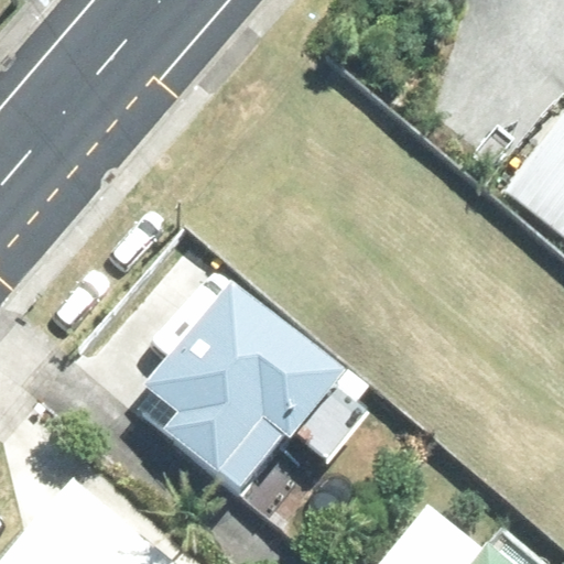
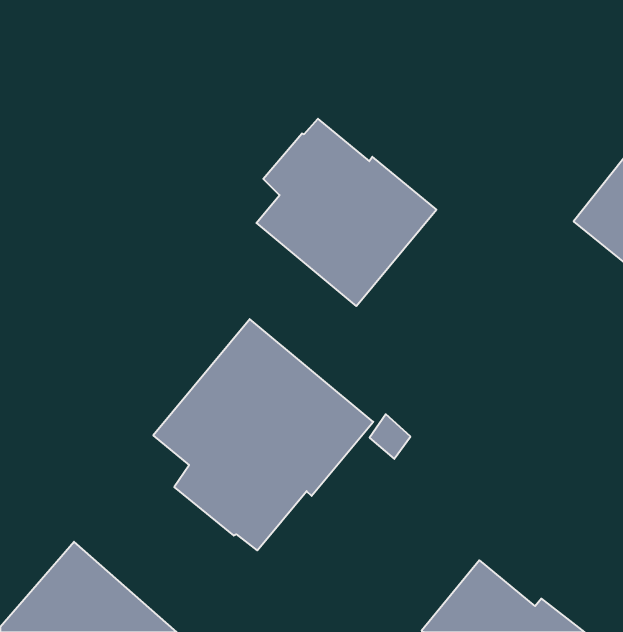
building: none -> [256,119,436,306]

